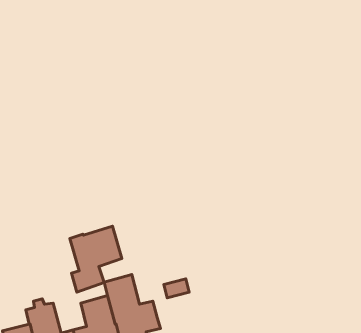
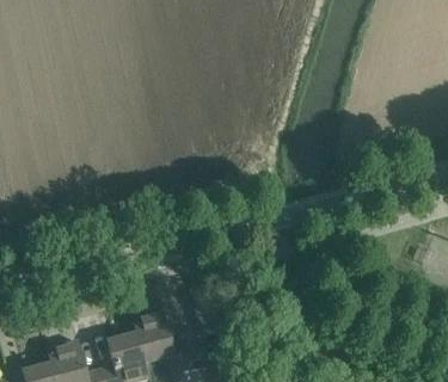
building: [70,226,122,292] -> none

